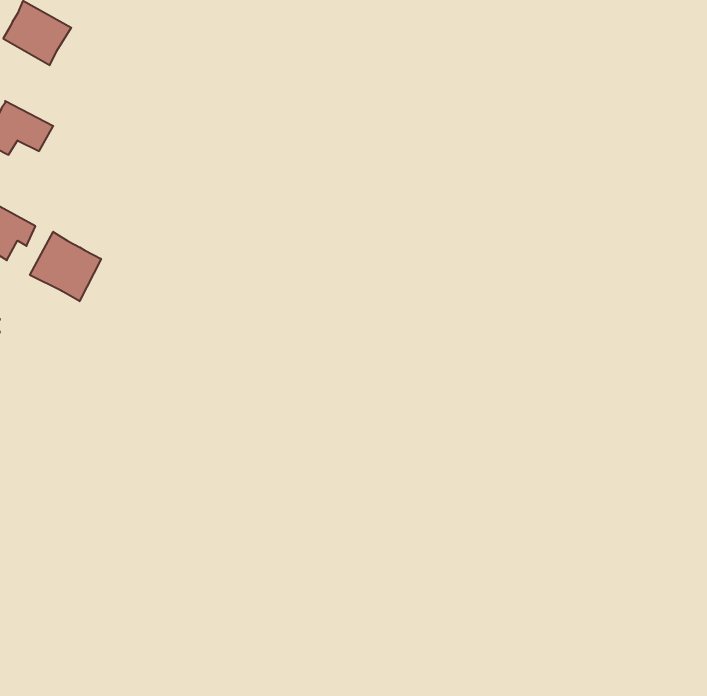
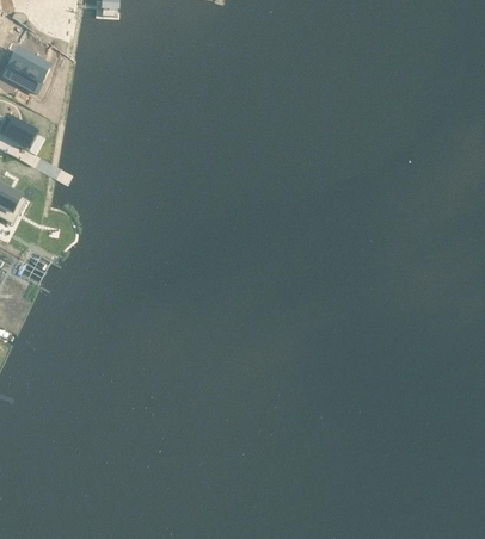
building: [30,232,101,301] -> none

